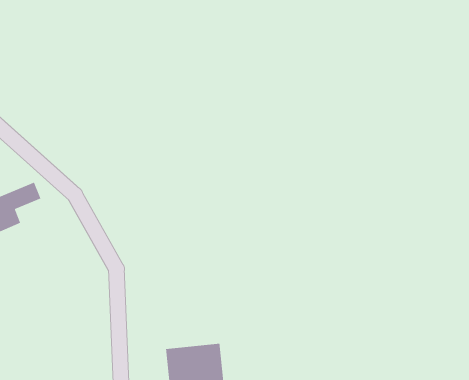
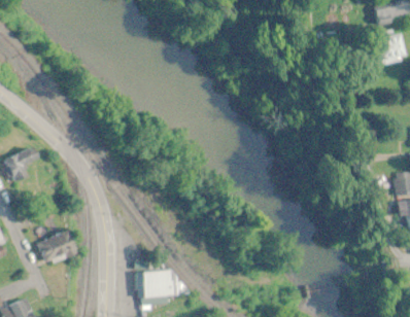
building: none -> [38,228,77,260]

